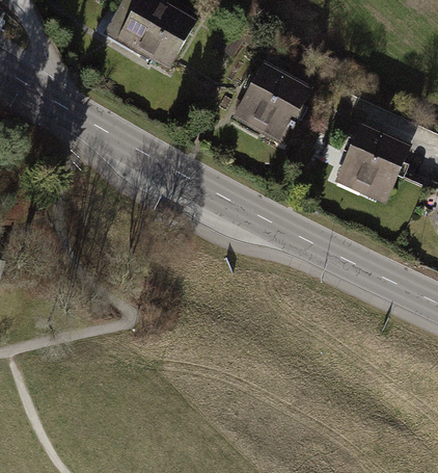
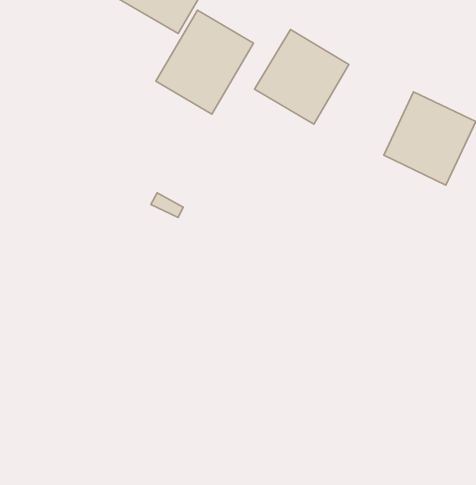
building: none -> [156,10,254,114]

